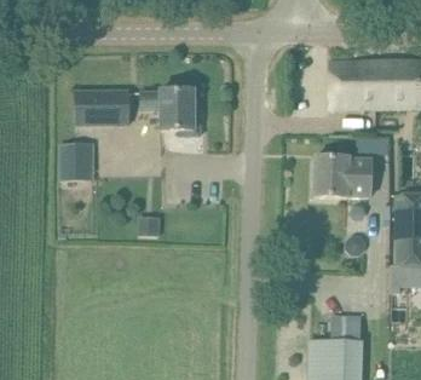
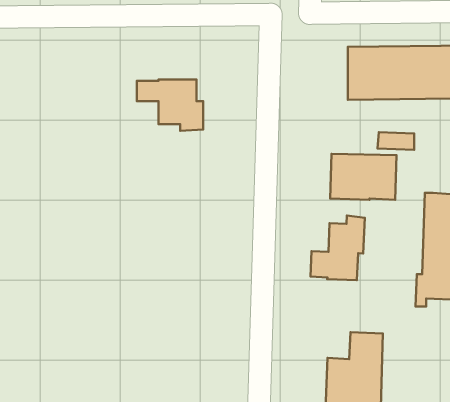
building: [75,88,128,123] -> none
building: [60,142,92,178] -> none
building: none -> [310,215,365,280]

